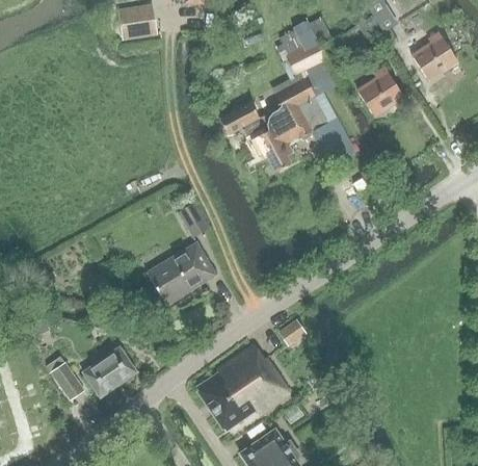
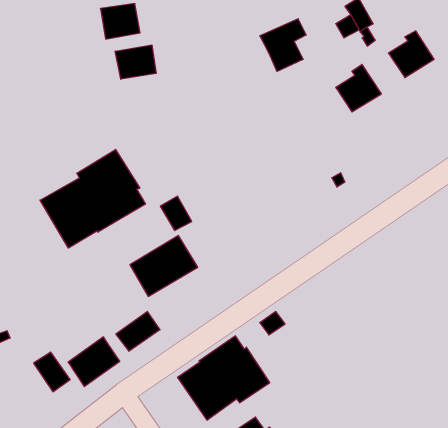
building: none -> [115,45,156,79]
building: [219,80,343,172] -> none
building: none -> [40,149,145,248]
building: none -> [116,311,160,351]

